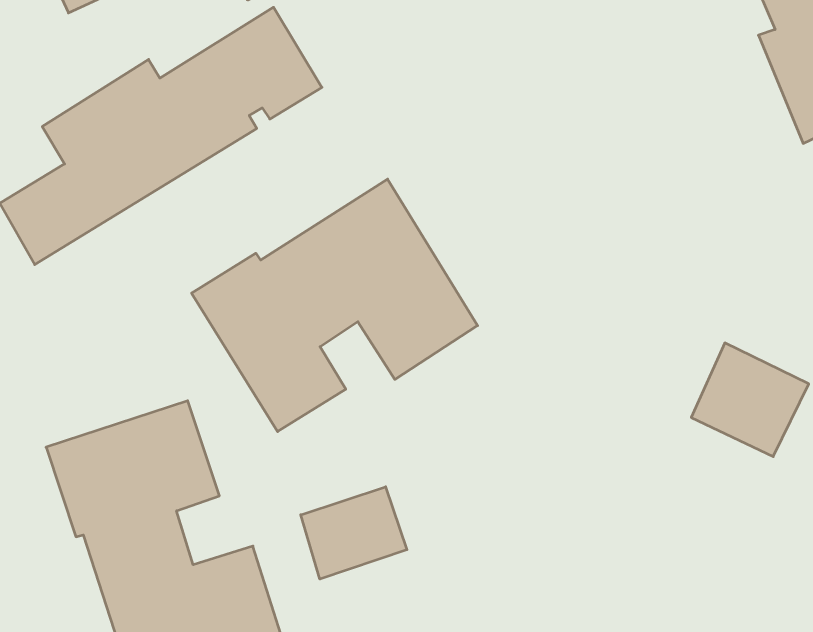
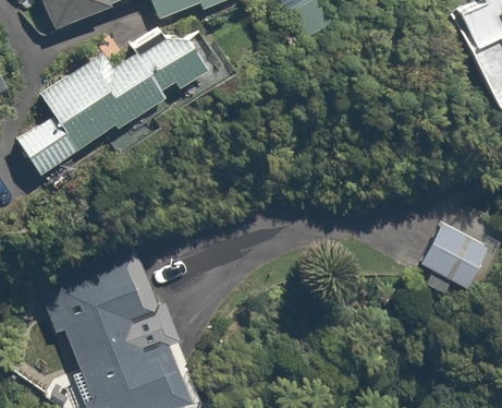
building: [192,179,478,432] -> none
building: [301,487,407,579] -> none

